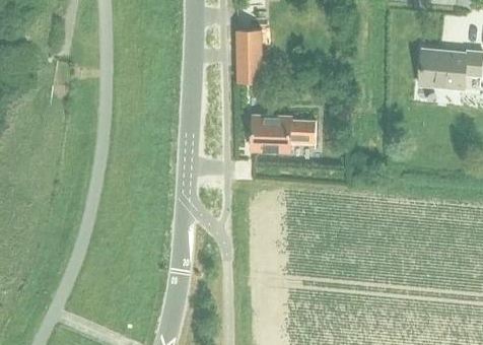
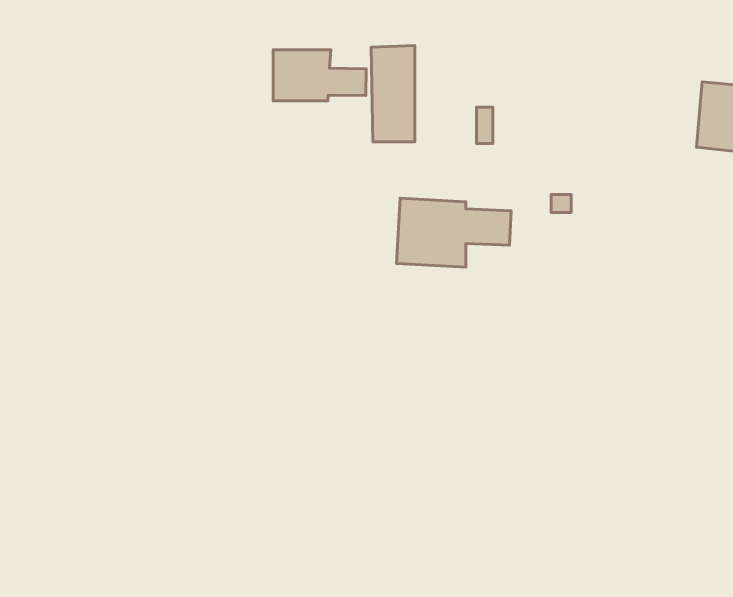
building: none -> [273,50,366,101]

